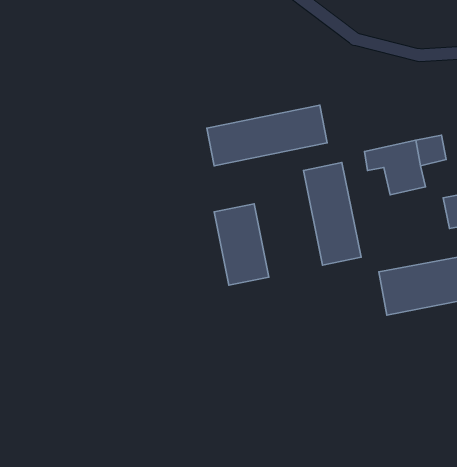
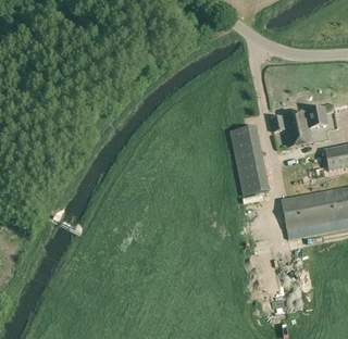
building: [207,105,327,166] -> none
building: [214,204,269,285] -> none

